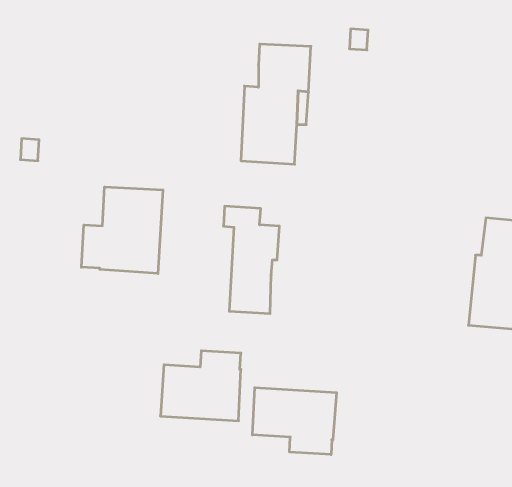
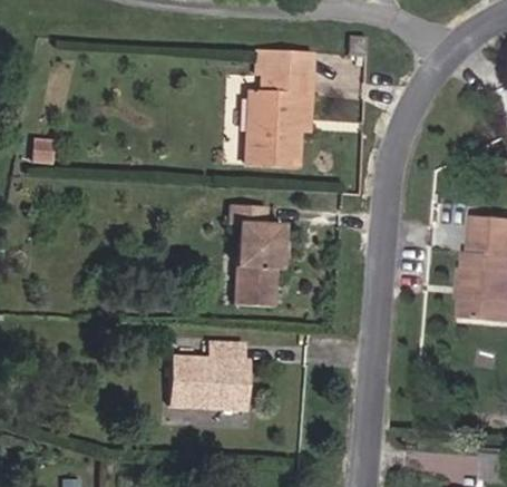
building: [81,187,163,274] -> none
building: [252,388,337,455] -> none

